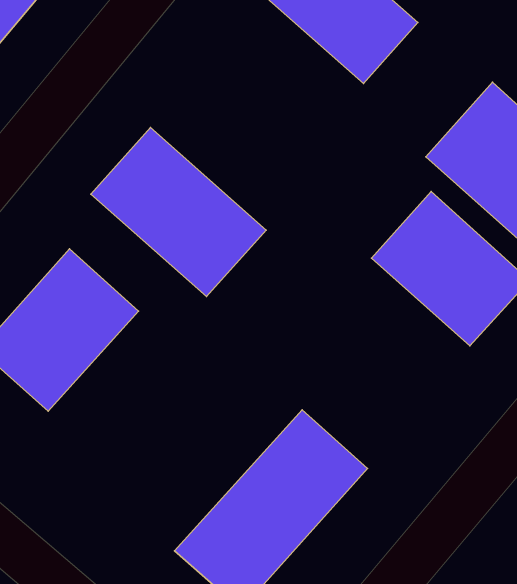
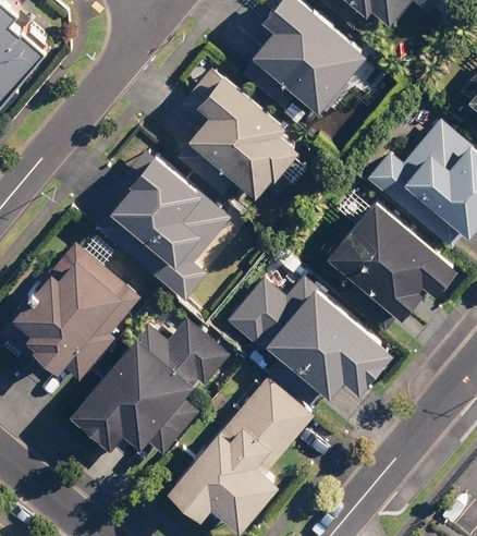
building: none -> [175,73,299,193]
building: none -> [240,265,389,409]
building: none -> [81,313,223,459]

